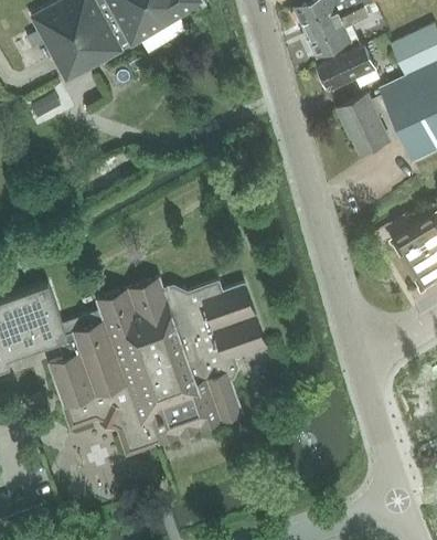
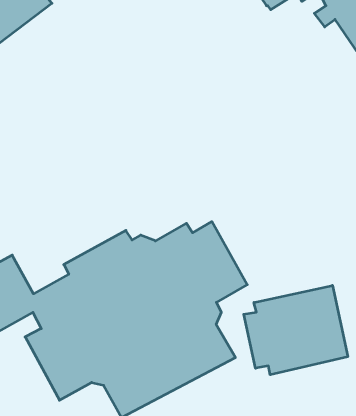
building: [338,94,388,153] -> none
building: none -> [244,285,348,375]

